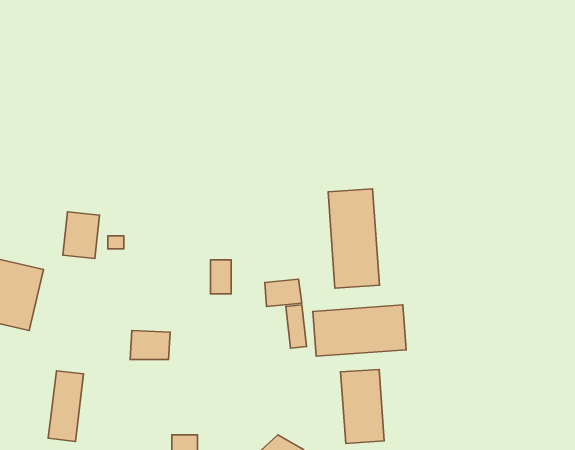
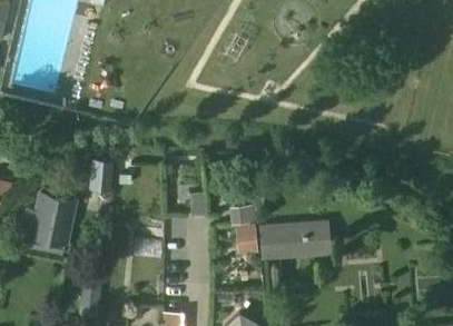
building: [328,189,379,288] -> none
building: [341,369,384,444] -> none

